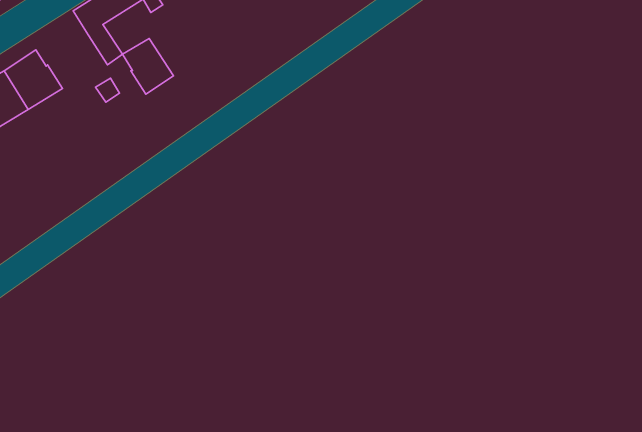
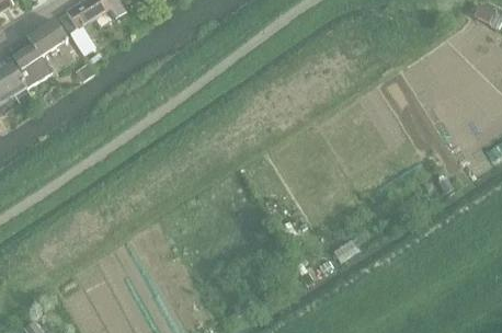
building: none -> [28,16,68,54]
building: [122,38,174,94] -> none

